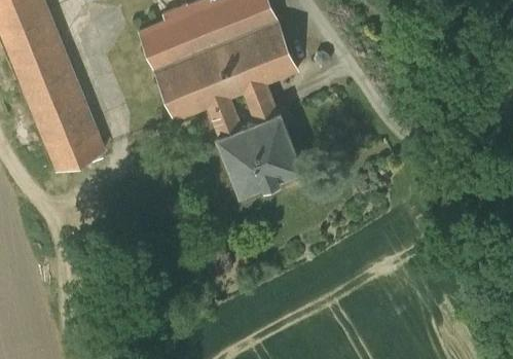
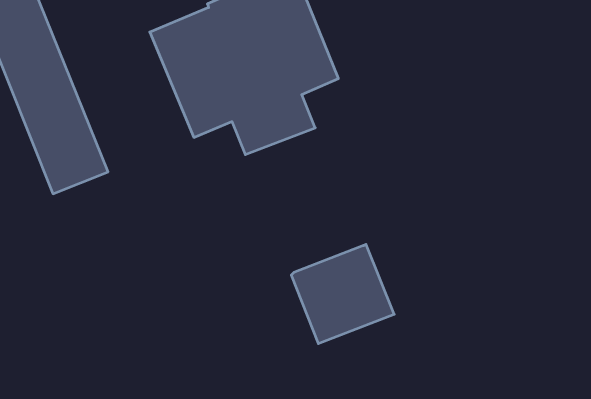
building: [215,109,301,192] -> [291,244,394,344]

